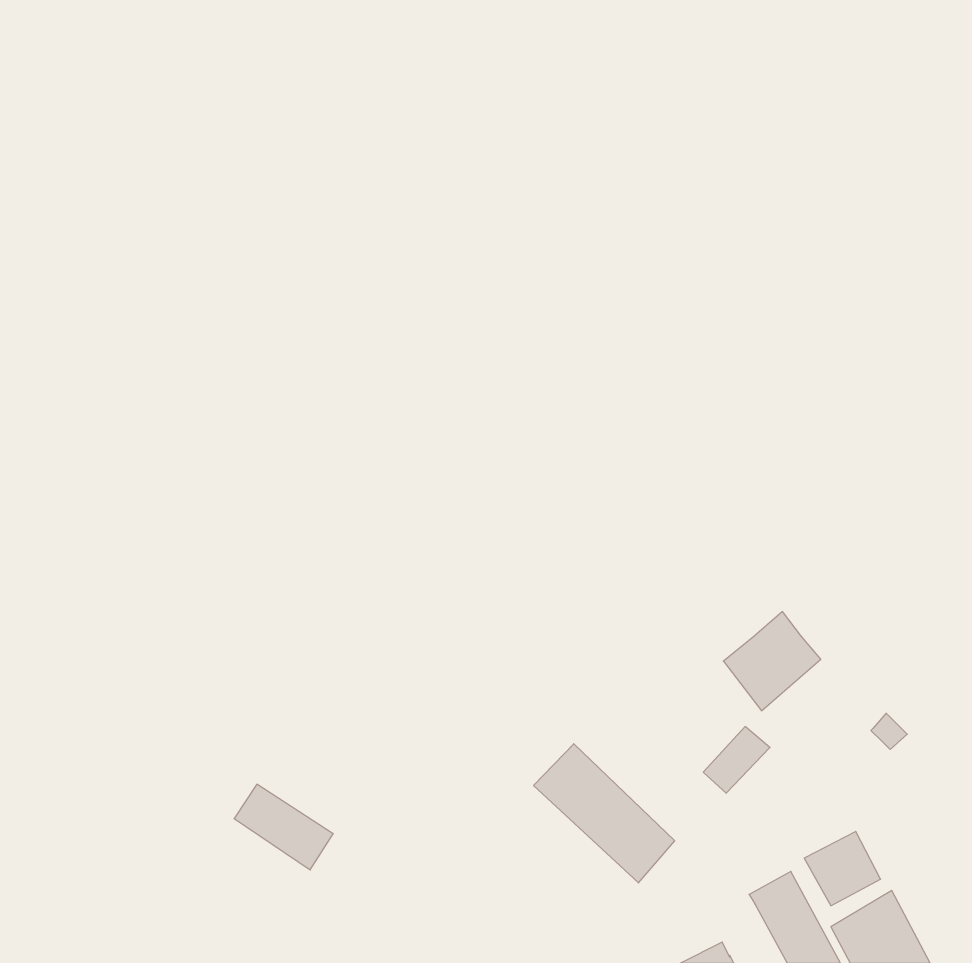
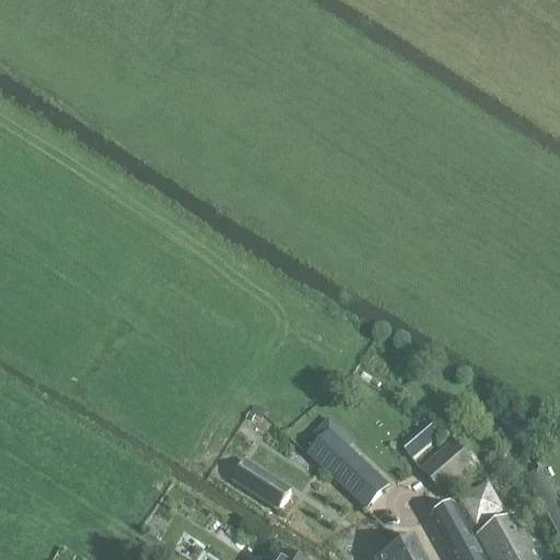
building: [723,612,821,711] -> [418,435,474,492]
building: [234,784,333,870] -> [233,458,290,508]

